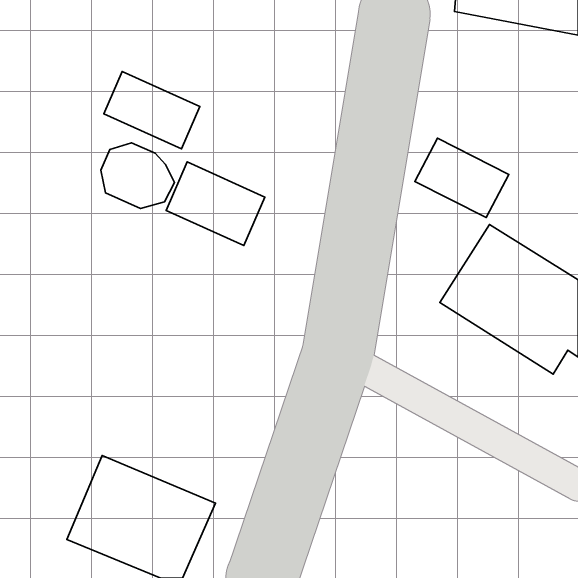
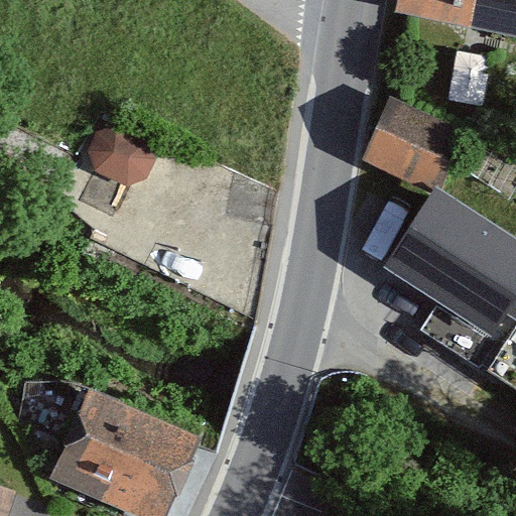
building: [104,72,200,149] -> none
building: [166,162,265,246] -> none

